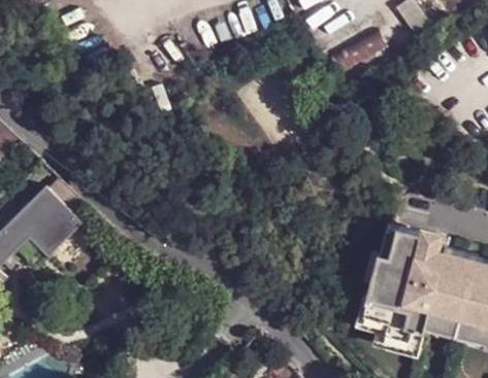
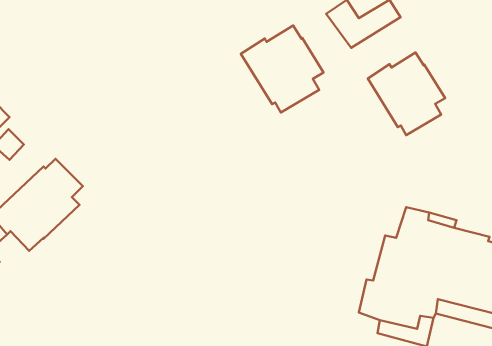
building: none -> [241,25,324,113]
building: none -> [368,52,445,135]

